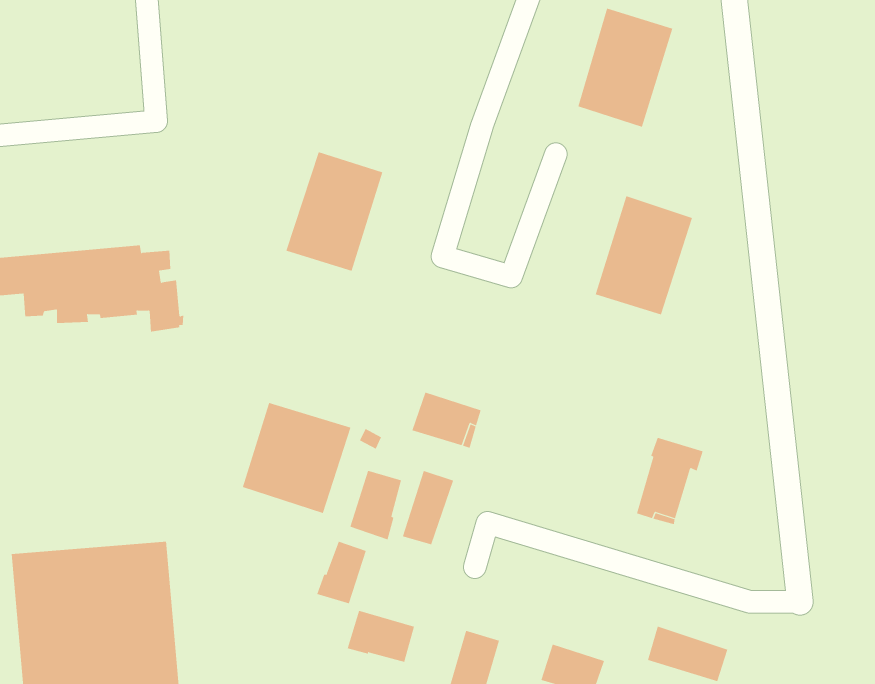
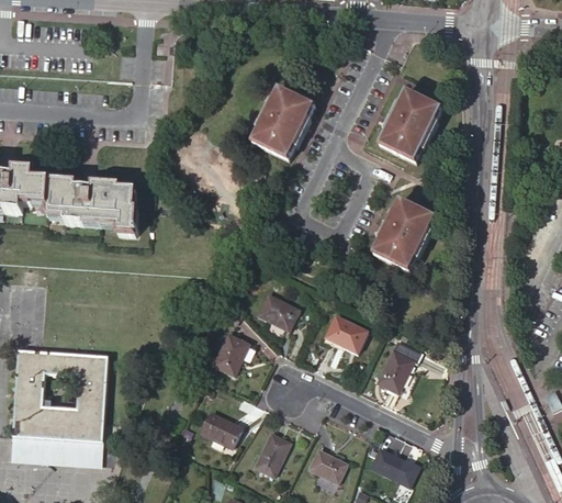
building: [285,151,383,271] -> [251,88,314,159]
building: [242,402,351,514] -> none
building: none -> [326,316,367,351]
building: [402,470,454,545] -> none
building: [317,541,366,604] -> none

